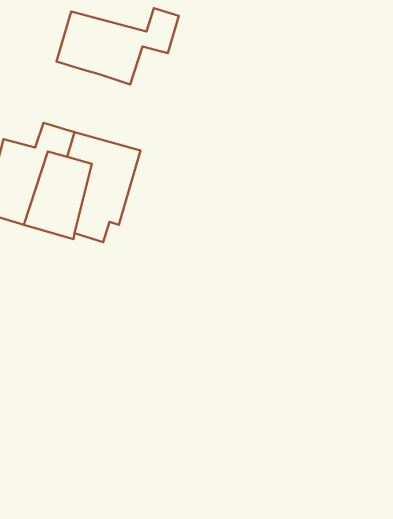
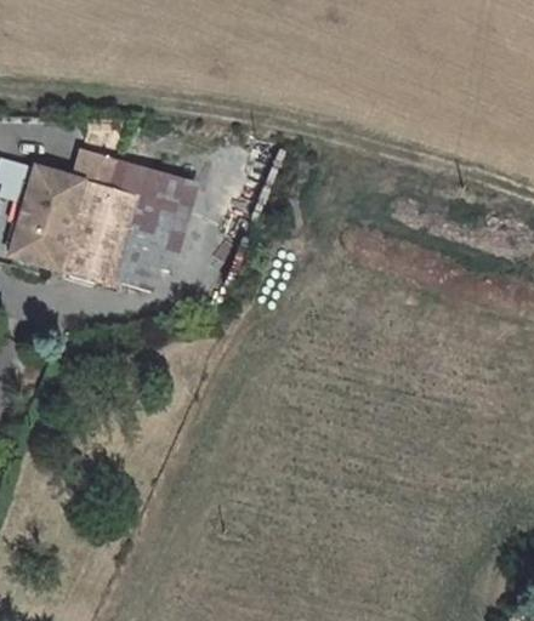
building: [57,8,179,84] -> none

